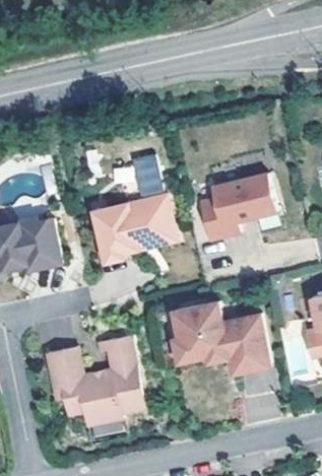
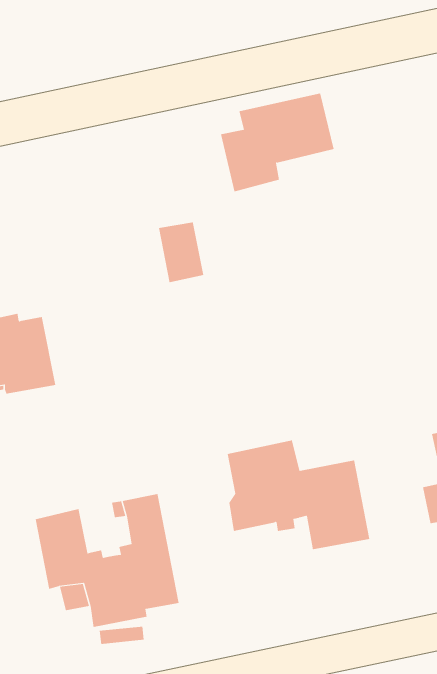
building: [200,174,276,240] -> [220,93,335,192]
building: [92,193,177,262] -> none

